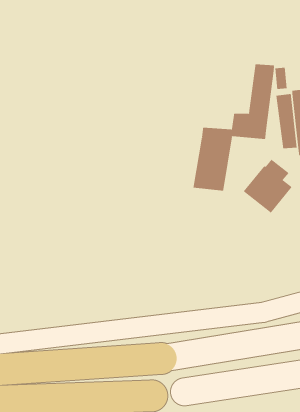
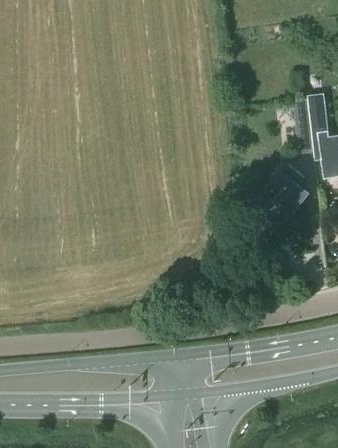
building: [193,63,274,191] -> none

